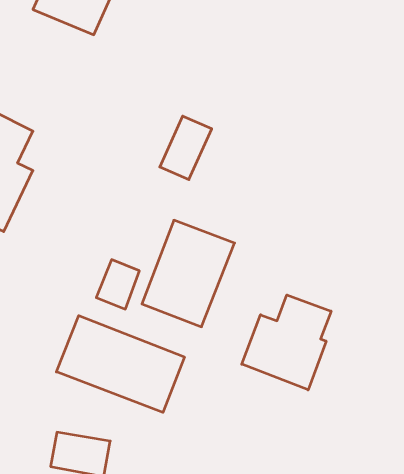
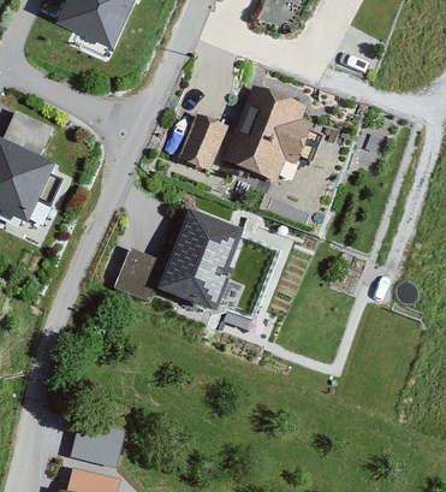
building: none -> [221,85,313,183]
building: [242,295,331,390] -> none
building: [56,316,184,412] -> none

